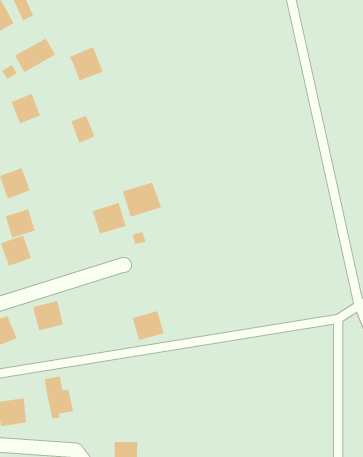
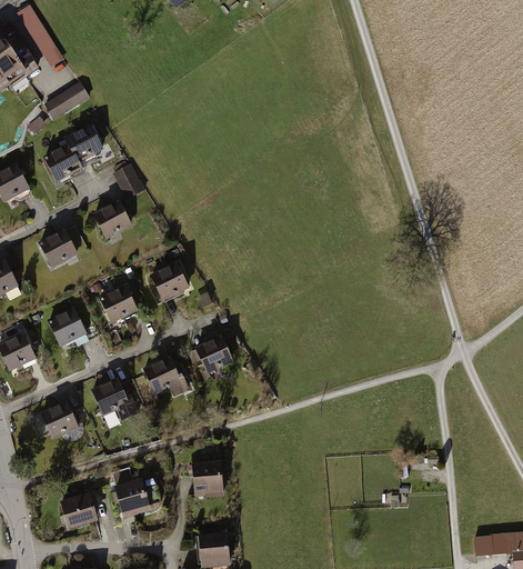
building: [69,46,104,81] -> [62,124,103,166]
building: none -> [93,202,131,241]
building: [122,182,162,217] -> none
building: [5,209,36,238] -> [99,287,135,322]
building: none -> [140,358,179,395]
building: [132,310,164,341] -> [194,337,233,373]
building: none -> [191,459,225,497]

